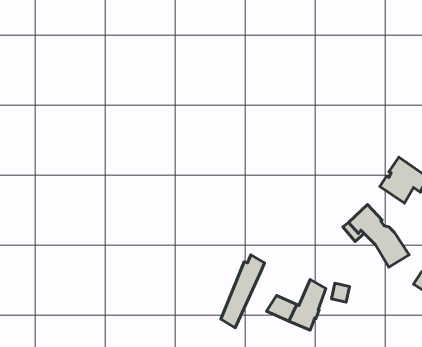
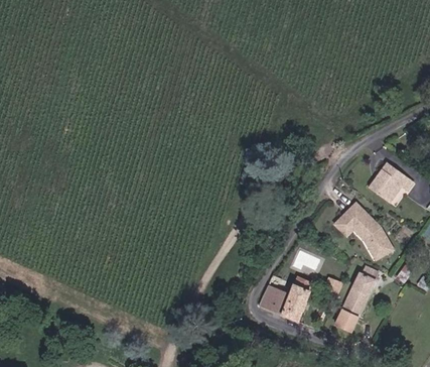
building: [221,255,264,328] -> [341,260,381,326]

